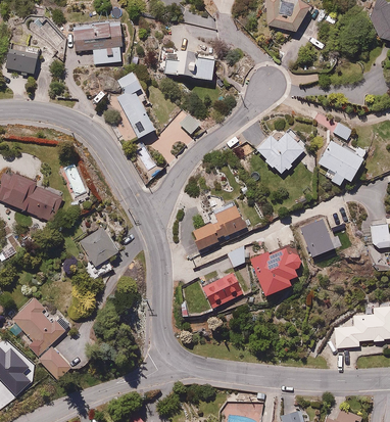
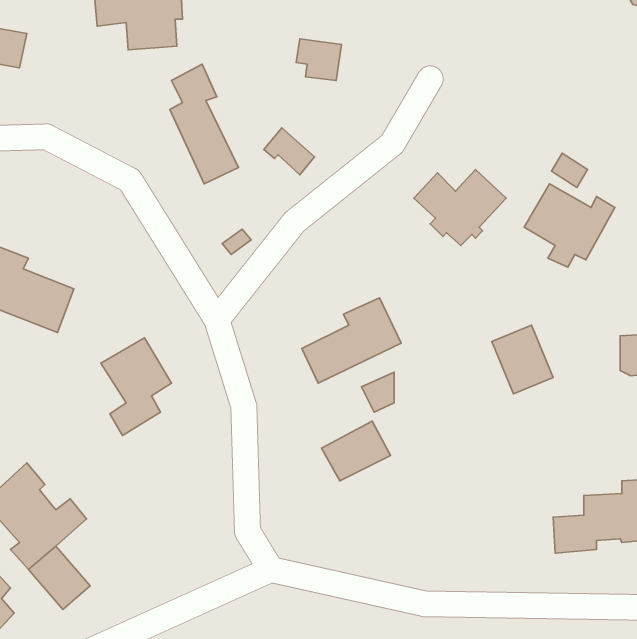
building: [162,49,187,76] -> none
building: [249,247,303,297] -> none

